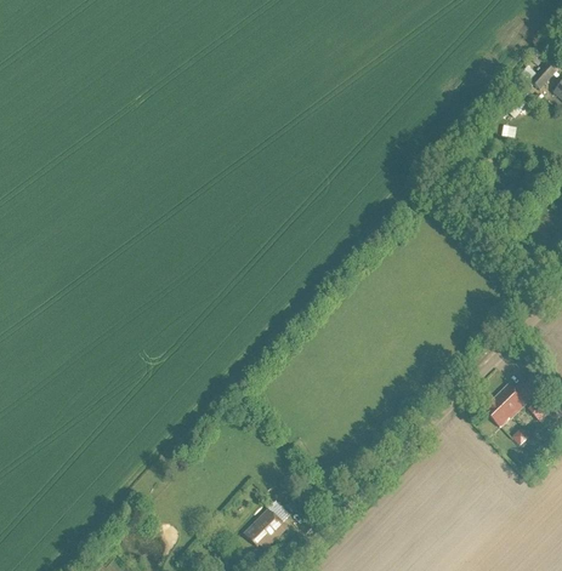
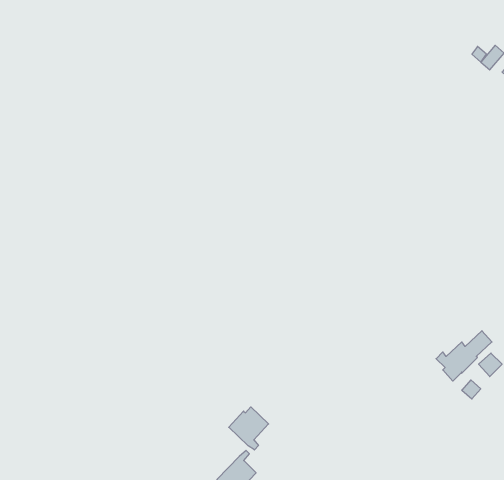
building: none -> [229,407,269,450]

